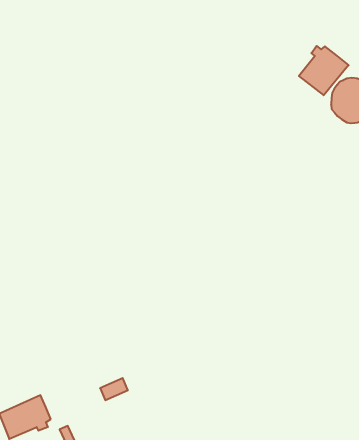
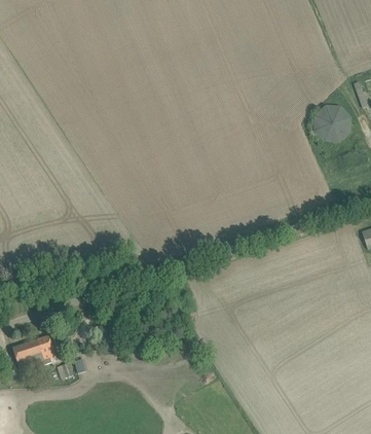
building: [299,46,349,95] -> none

